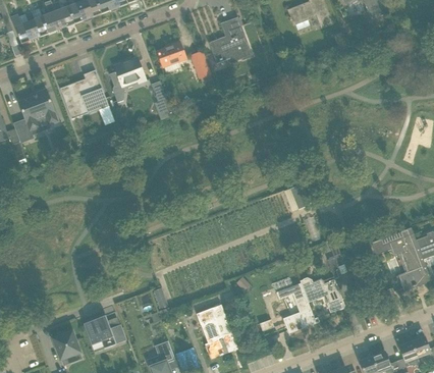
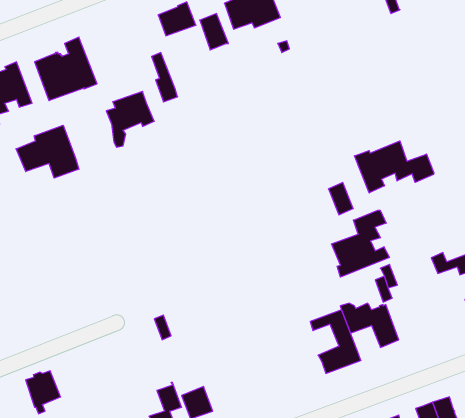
building: [109,57,147,101] -> [106,91,154,147]
building: none -> [16,125,79,178]
building: none -> [354,141,434,193]
building: none -> [332,210,389,277]
building: [196,303,237,358] -> none
building: [84,314,126,348] -> none

